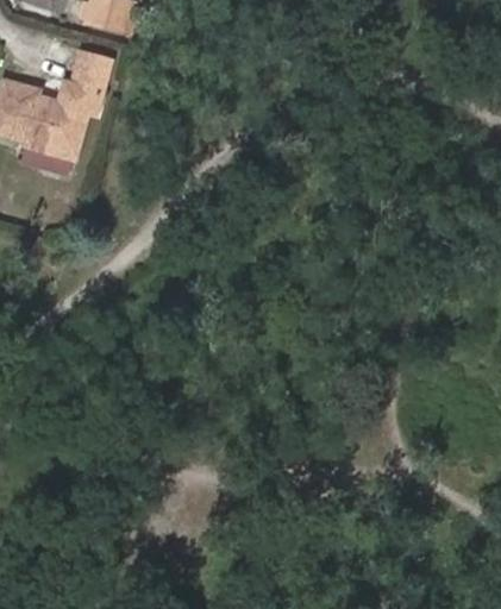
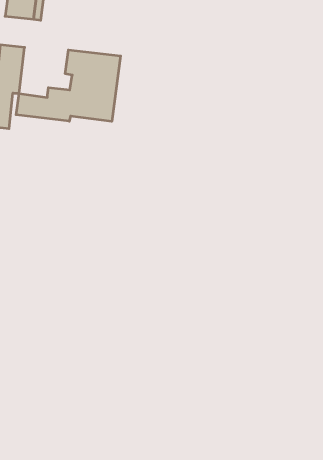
building: none -> [16,50,121,121]

